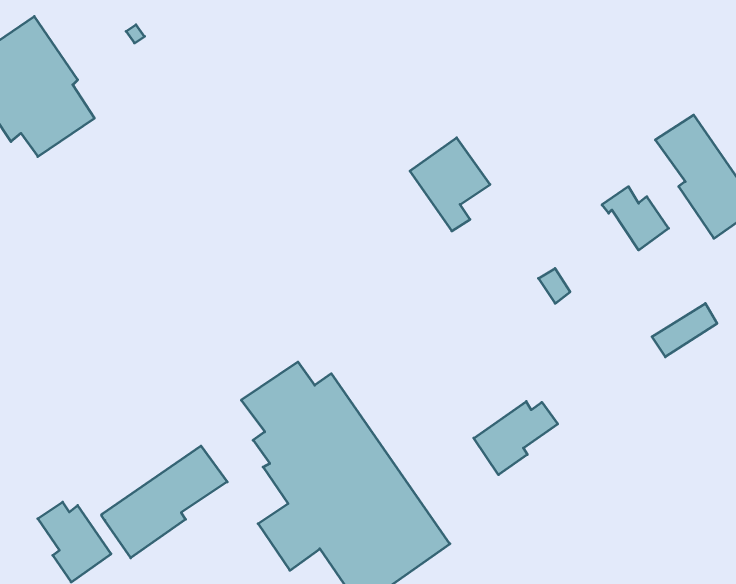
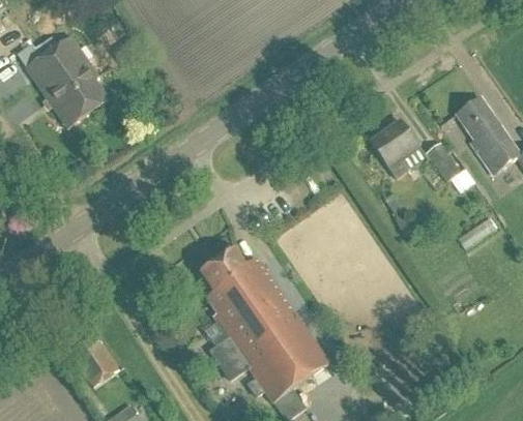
building: [410,138,490,231] -> [369,118,418,176]
building: [474,401,558,475] -> none
building: [102,446,227,558] -> none

